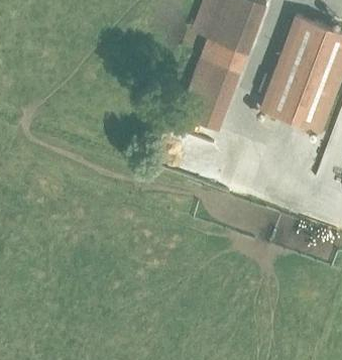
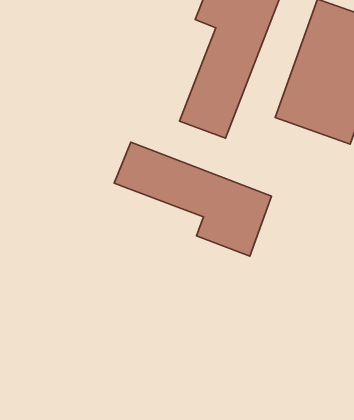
building: none -> [114,142,271,256]

